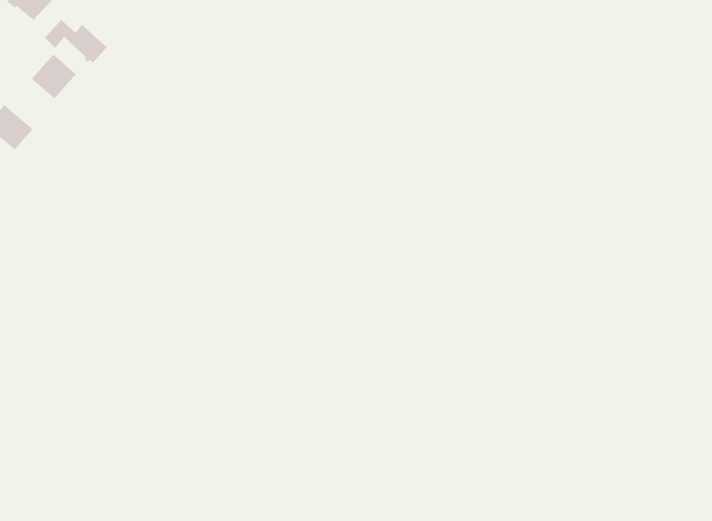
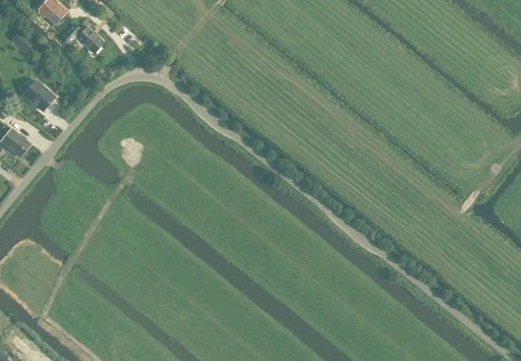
building: [31,54,77,100] -> none

